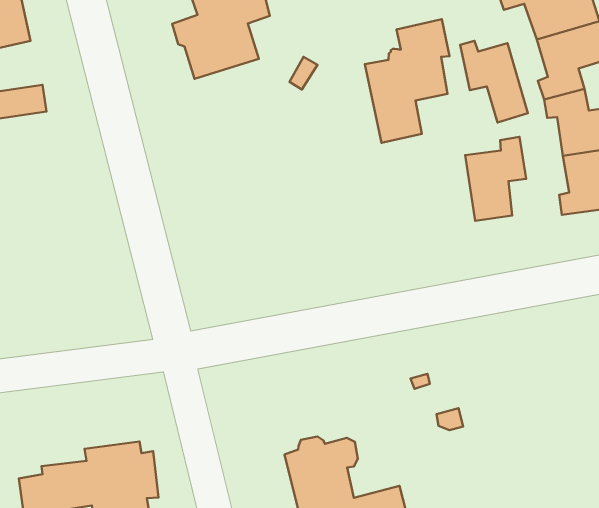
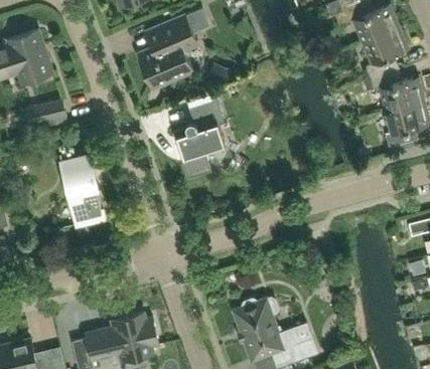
building: [365,19,450,143] -> [171,101,224,180]
building: [460,41,528,122] -> none
building: [465,137,526,221] -> none
building: none -> [60,153,117,229]

